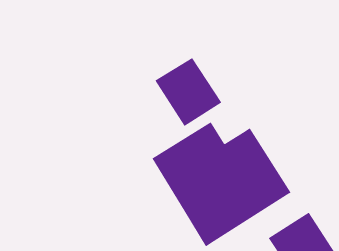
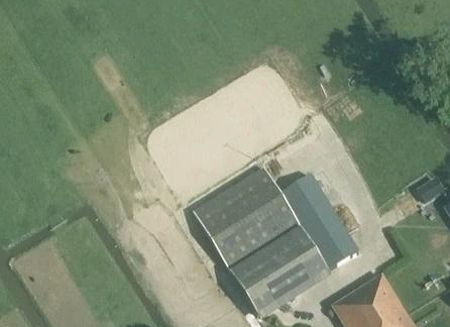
building: [155,57,222,127] -> none

